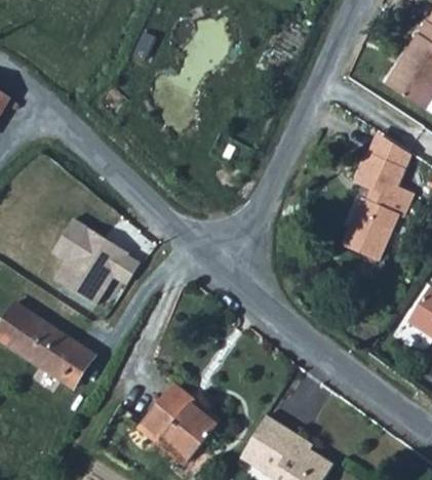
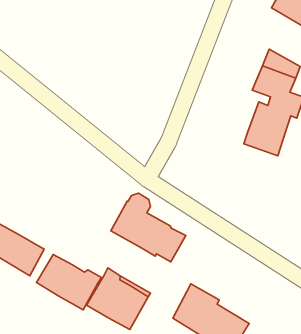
building: [52,221,141,307] -> none
building: none -> [111,193,186,262]
building: none -> [37,255,102,310]

